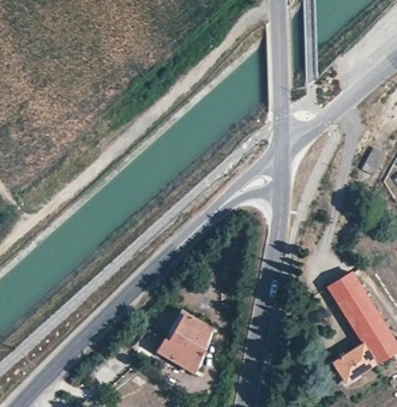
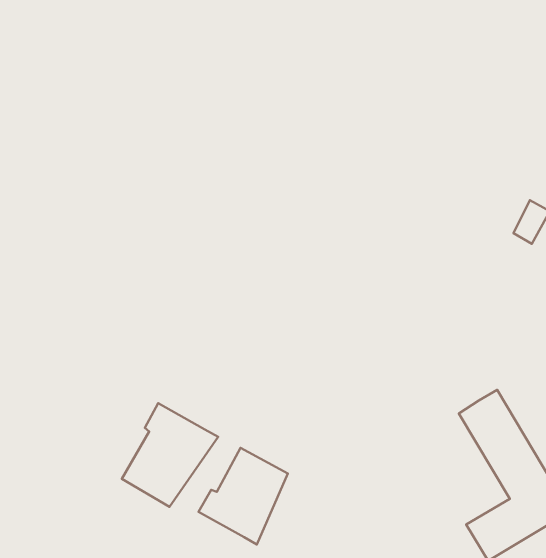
building: none -> [122,403,218,507]

